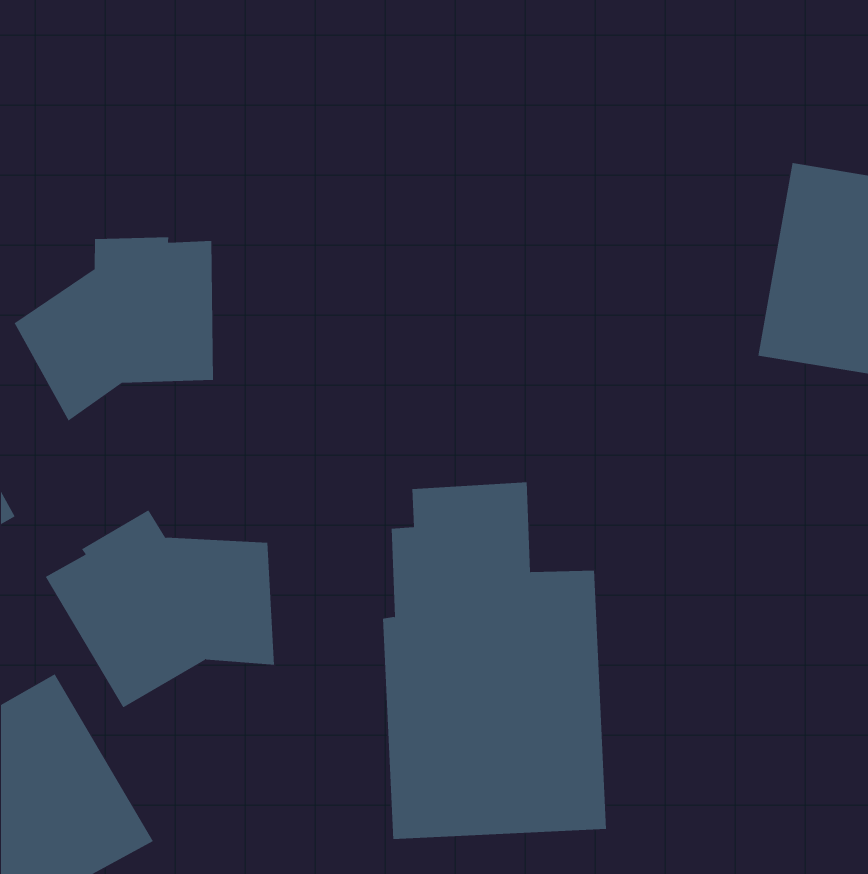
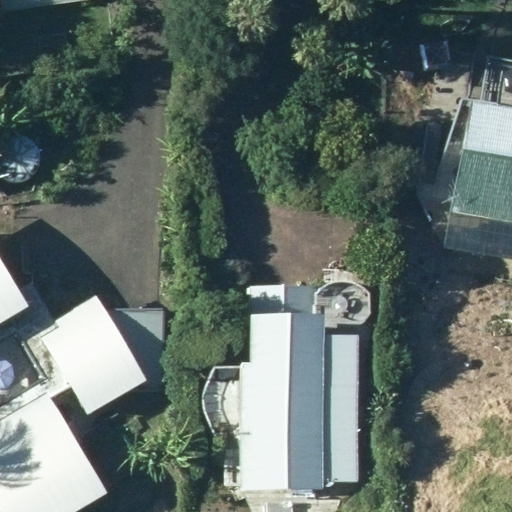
building: [14,236,213,422] -> none

